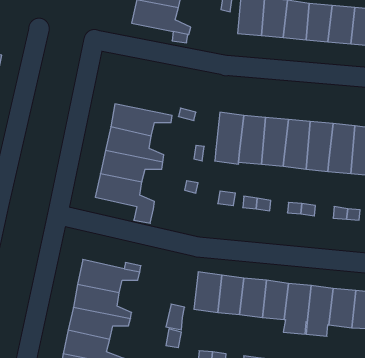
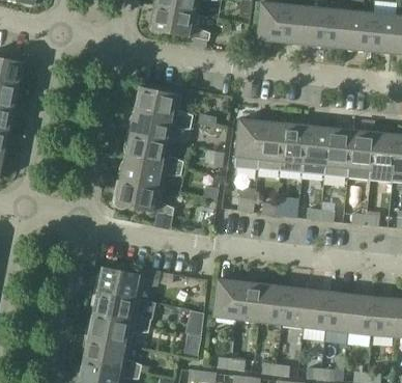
building: none -> [135,86,193,121]

